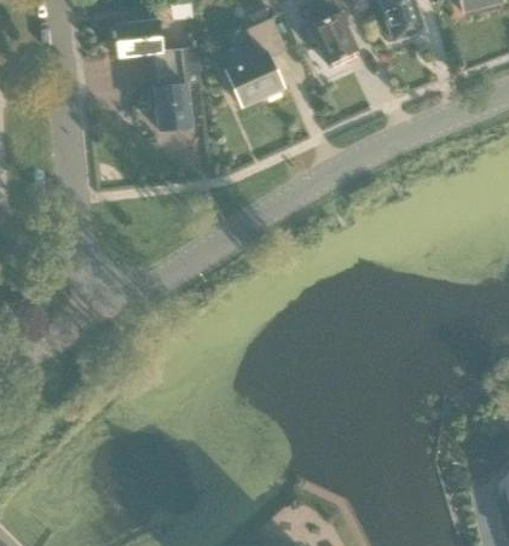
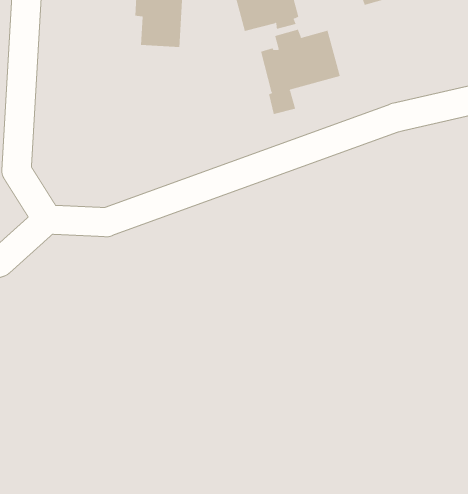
building: none -> [260,29,341,115]

